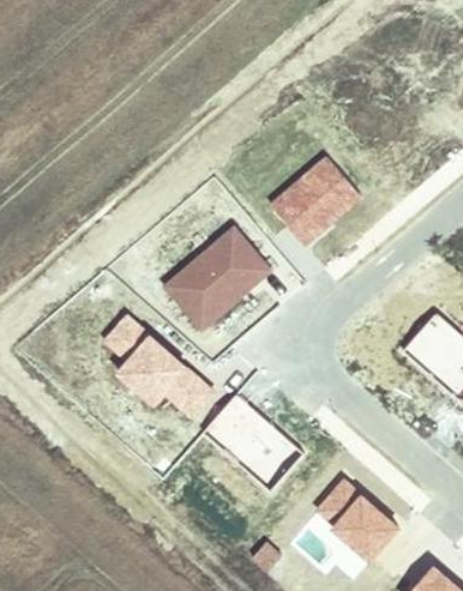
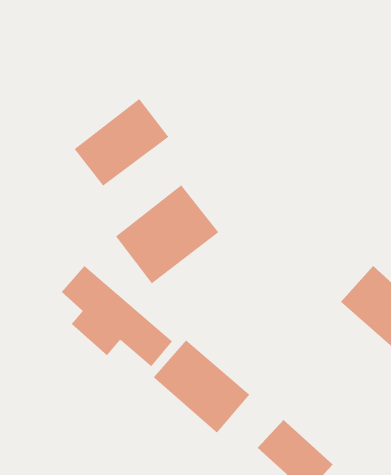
building: none -> [74,98,169,187]
building: [269,155,363,247] -> none

